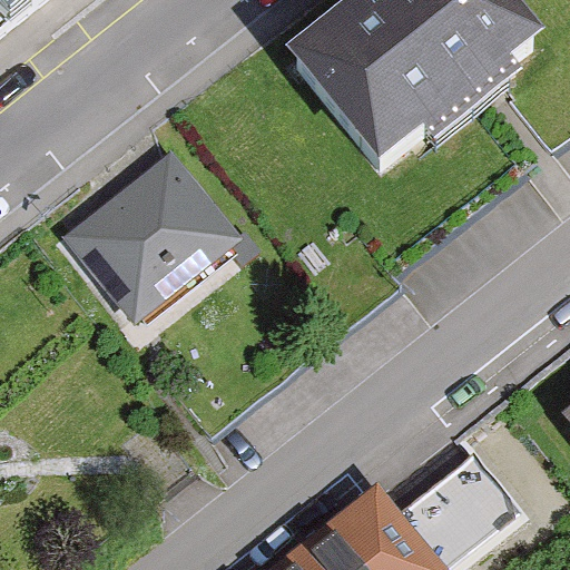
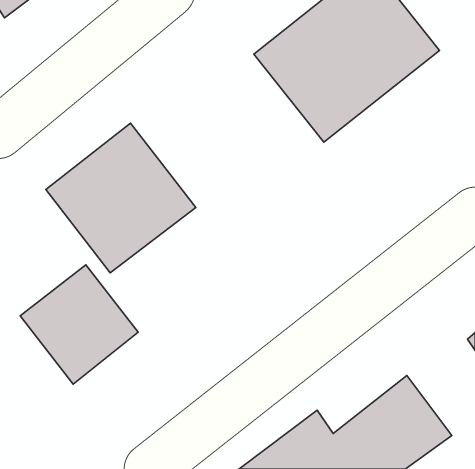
building: none -> [20,265,138,384]

